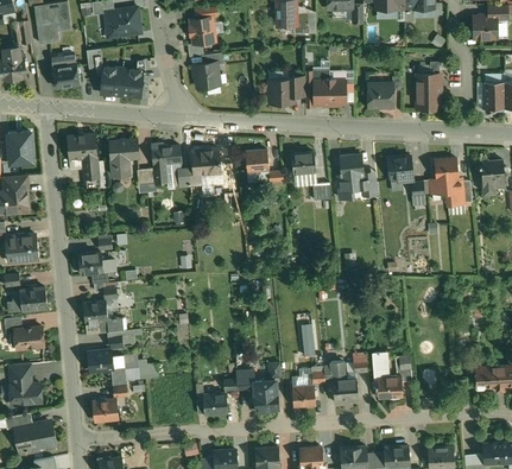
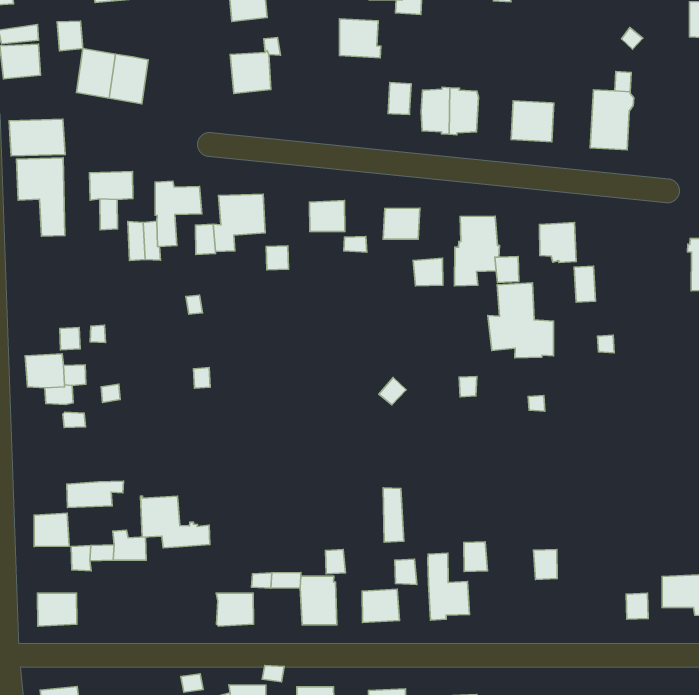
building: [268,80,295,102] -> [340,19,381,58]
building: none -> [9,119,65,156]
building: [430,158,472,204] -> [488,283,554,358]
building: [83,302,127,334] -> [141,496,210,548]
building: [373,354,403,400] -> none

